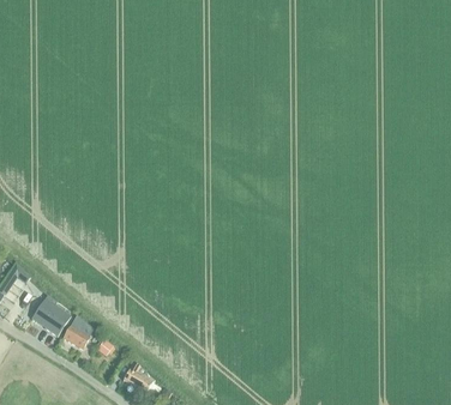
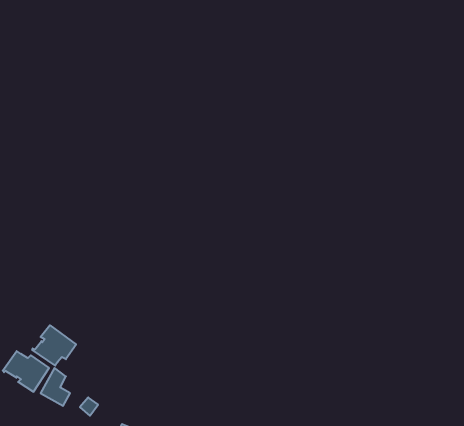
building: none -> [32,325,76,366]

